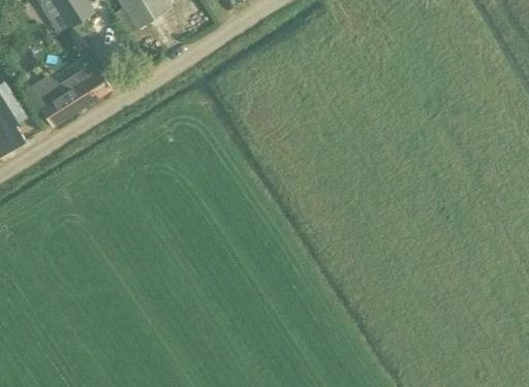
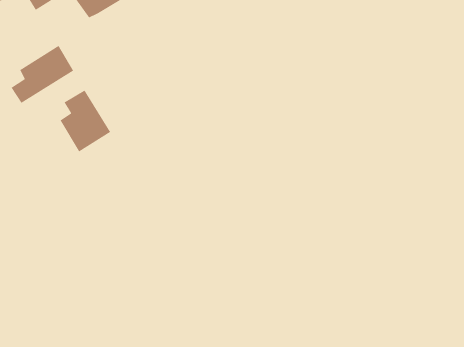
building: none -> [60,89,111,153]

